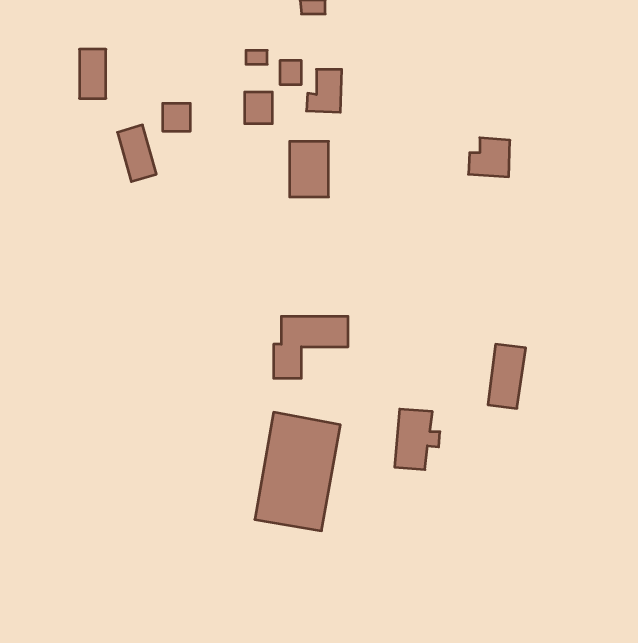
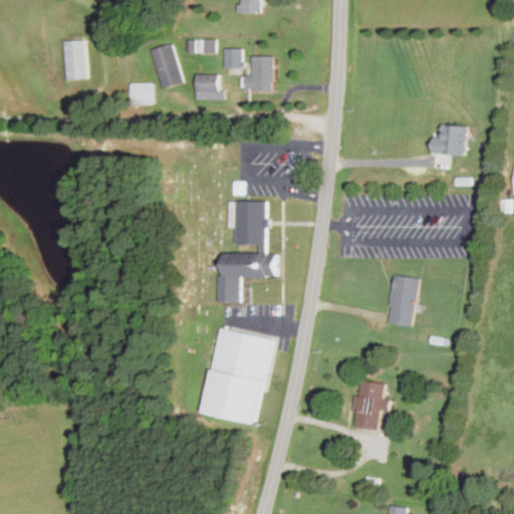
building: [117,125,156,182] -> [150,44,181,89]
building: [468,138,510,177] -> [433,124,466,156]
building: [290,141,329,197] -> [234,202,265,246]
building: [395,409,440,470] -> [353,381,390,430]

